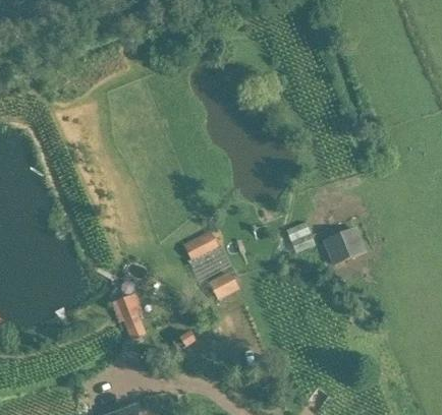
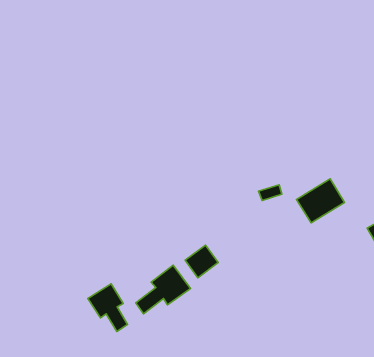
building: [183,230,219,260] -> none
building: none -> [136,265,191,314]

